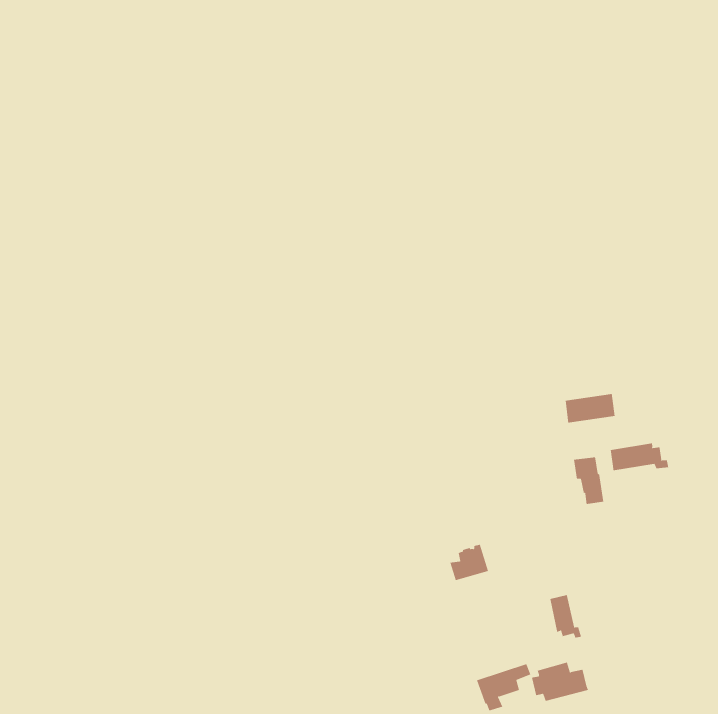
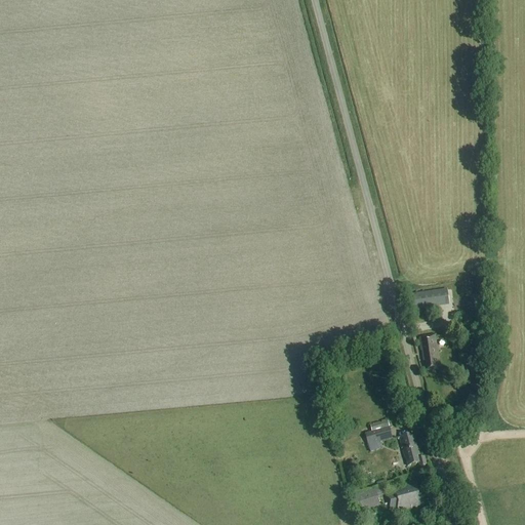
building: [610,442,669,471] -> none
building: [450,544,489,581] -> [364,417,393,444]

